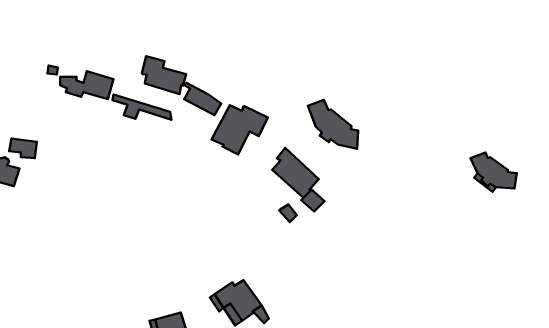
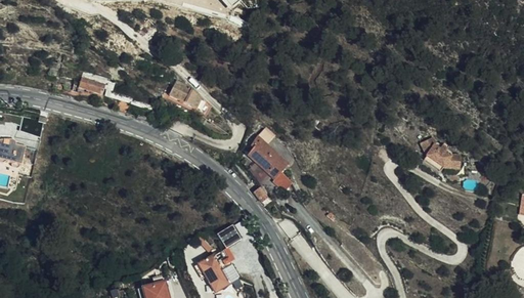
building: [142,56,186,94] -> none
building: [308,100,358,149] -> none
building: [212,105,268,155] -> none

